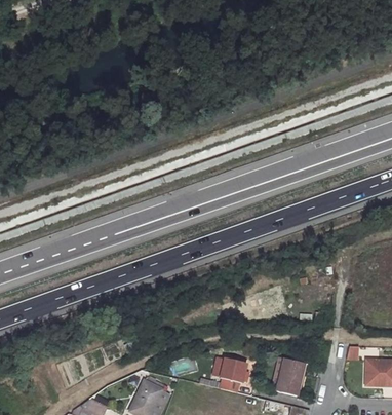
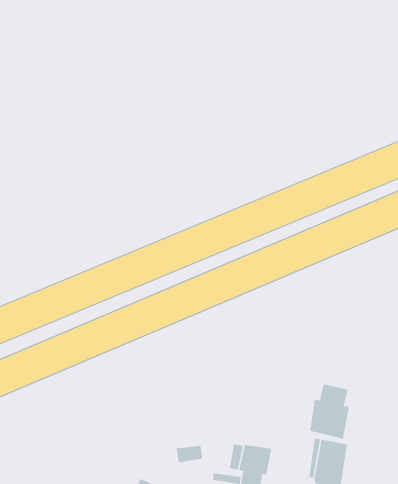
building: none -> [309,384,349,439]

